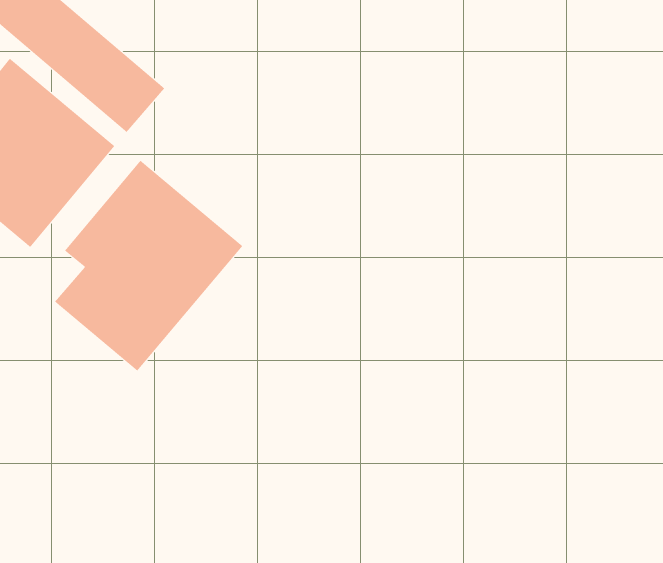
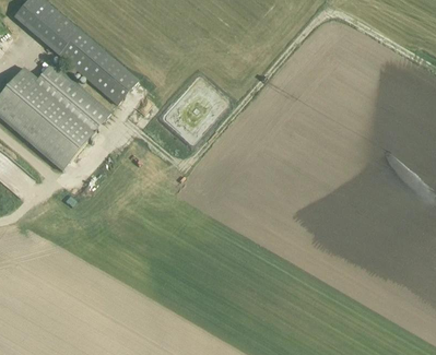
building: [54,160,243,371] -> none

